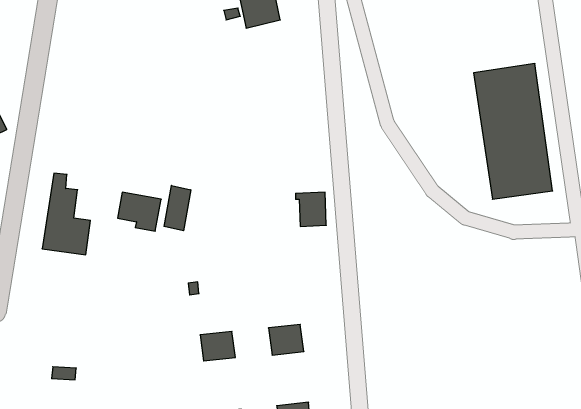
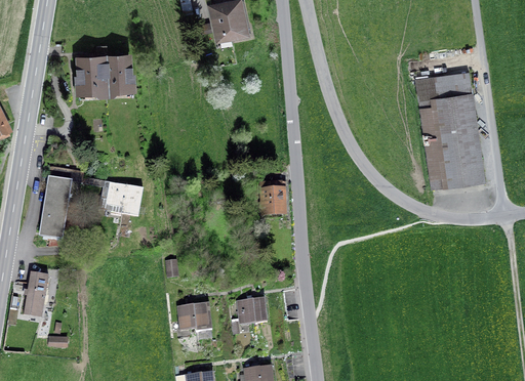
building: none -> [78,46,133,94]
building: [164,185,191,231] -> none
building: none -> [25,273,48,312]

